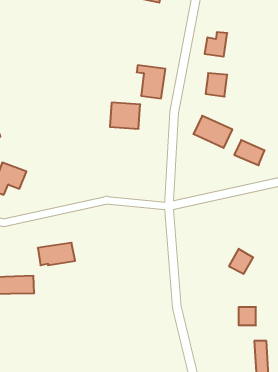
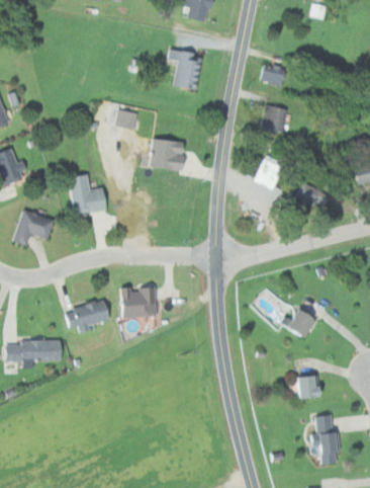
building: [137,65,165,98] -> [169,51,202,89]
building: none -> [115,107,137,129]
building: none -> [69,174,106,214]
building: none -> [121,288,151,318]

